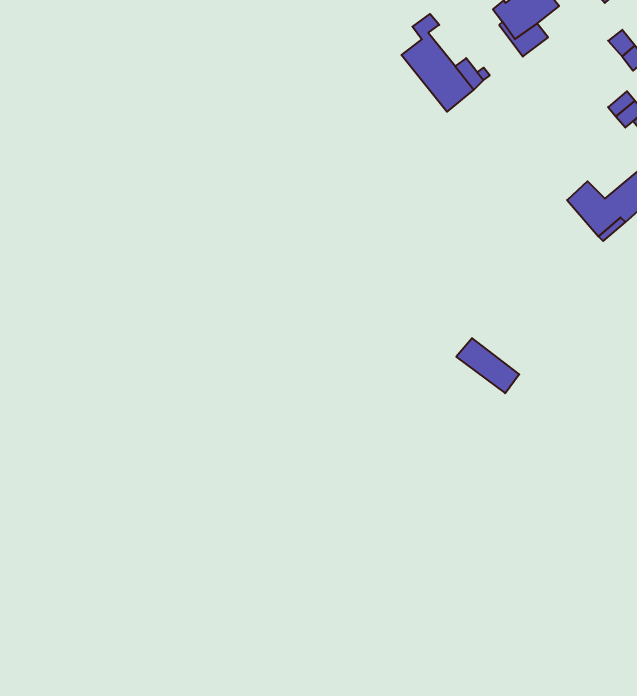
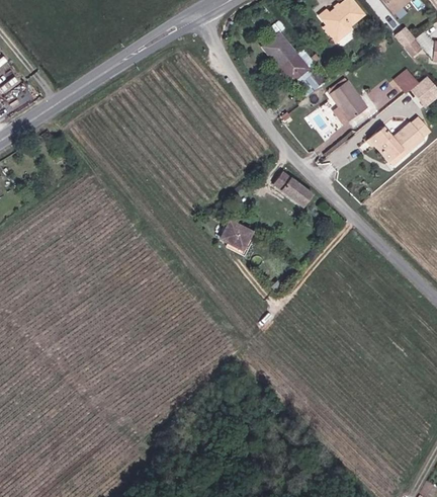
building: none -> [329,80,367,120]
building: none -> [223,223,253,253]
building: [456,338,519,393] -> [272,171,313,206]

